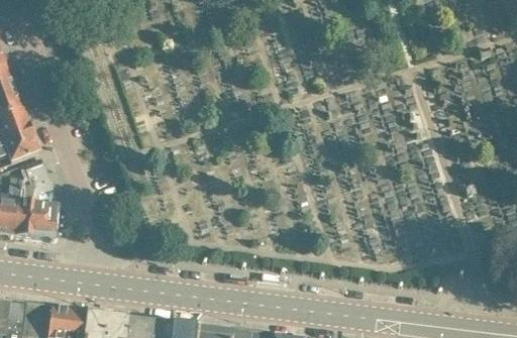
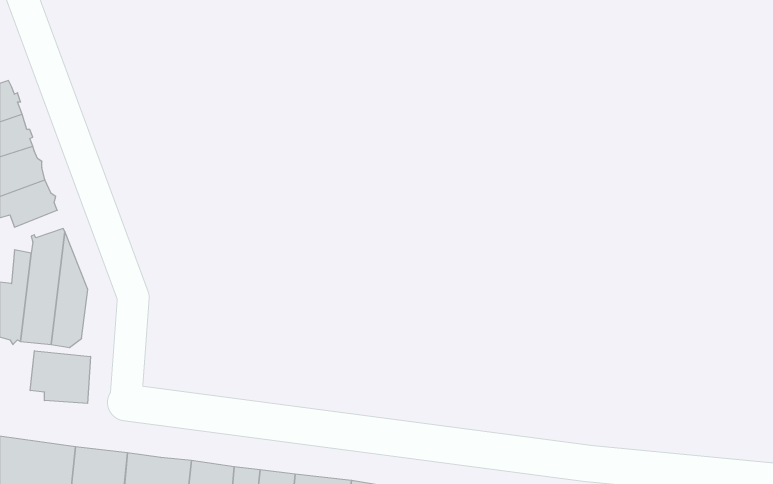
building: none -> [30,351,90,403]

